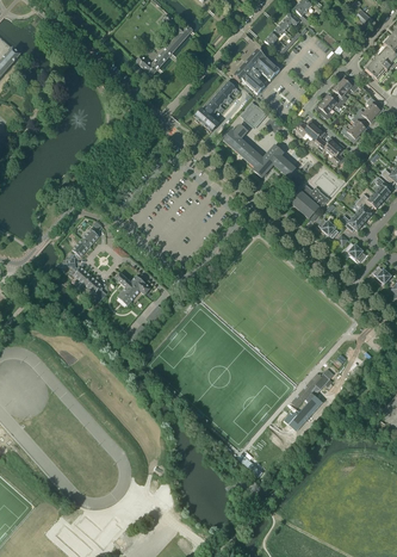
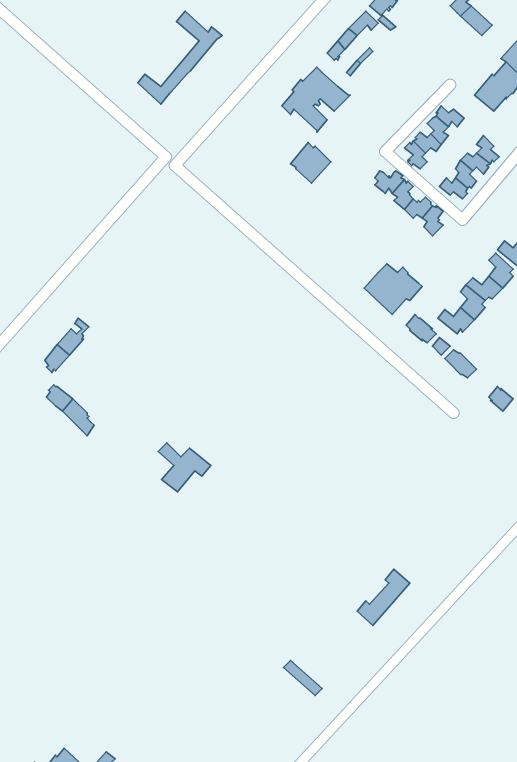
building: [194,80,240,131] -> none
building: [223,124,296,177] -> none
building: [114,272,150,305] -> [158,443,211,492]

